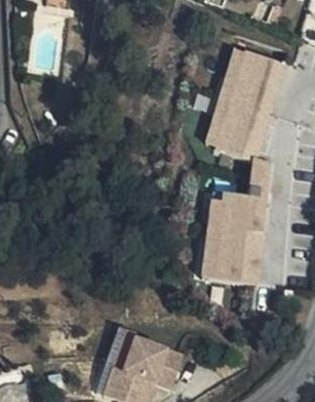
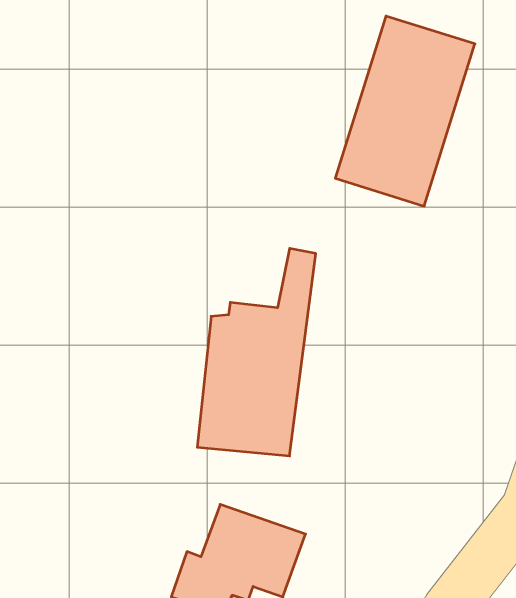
building: [203,162,273,285] -> [197,248,316,456]

